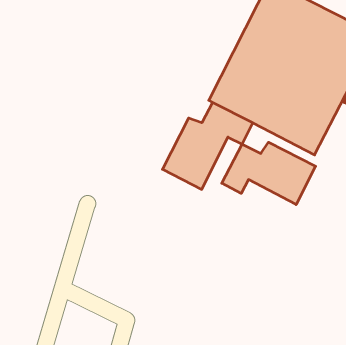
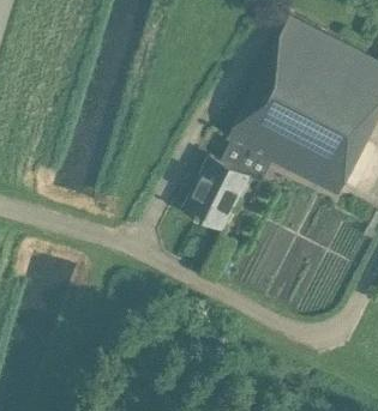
building: [222,142,316,205] -> none

